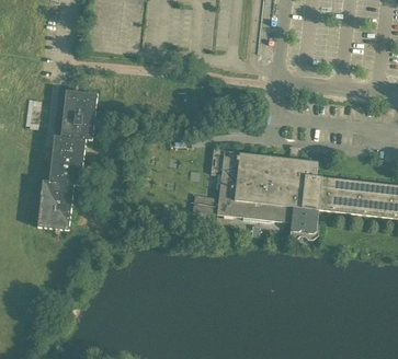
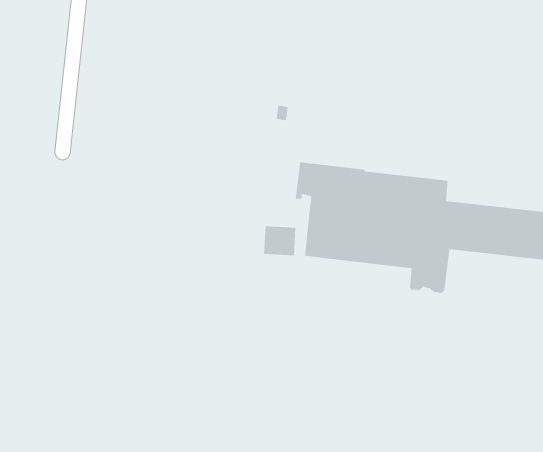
building: [35,90,95,230] -> none

